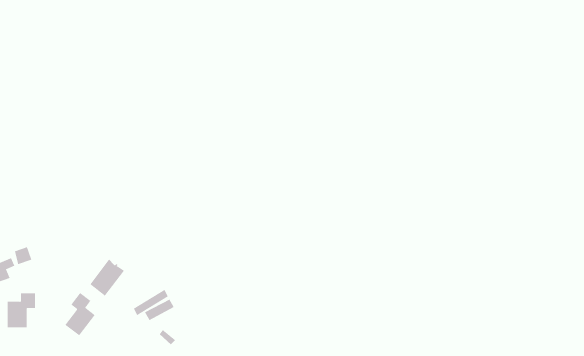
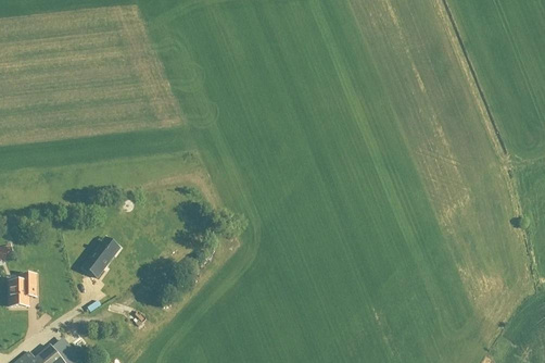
building: [64,292,96,336] -> none

